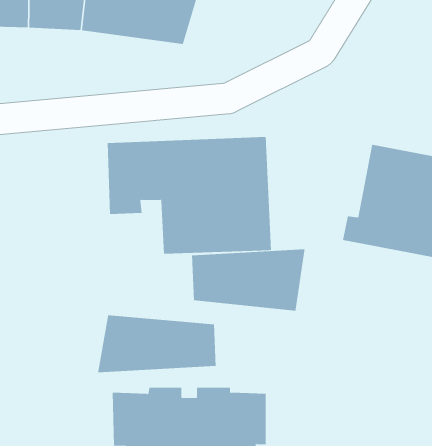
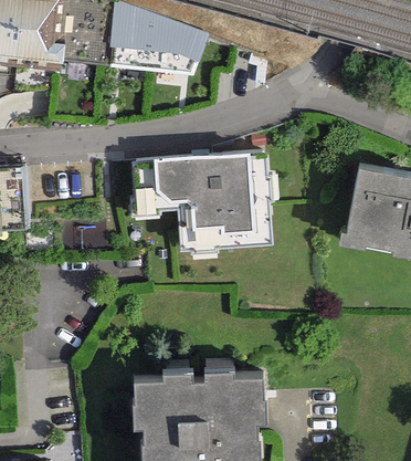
building: [192,248,305,311] -> none
building: [98,314,216,373] -> none

